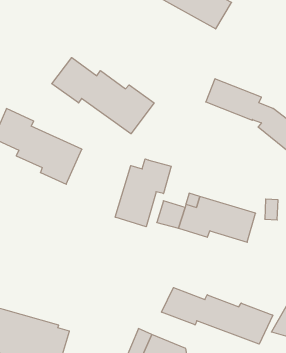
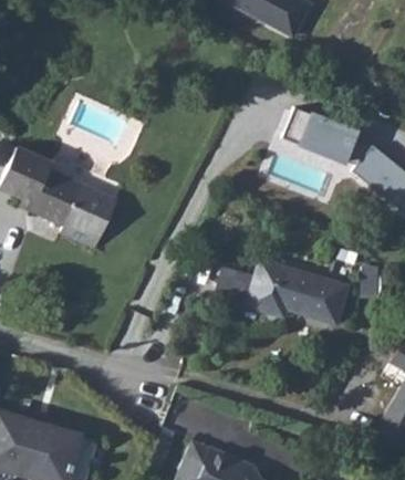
building: [52,58,154,134] -> none
building: [115,159,171,227] -> none
building: [162,288,273,344] -> none

